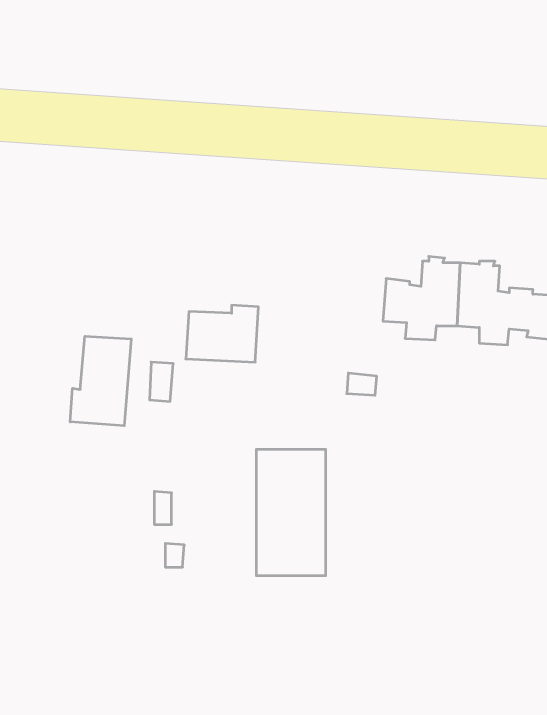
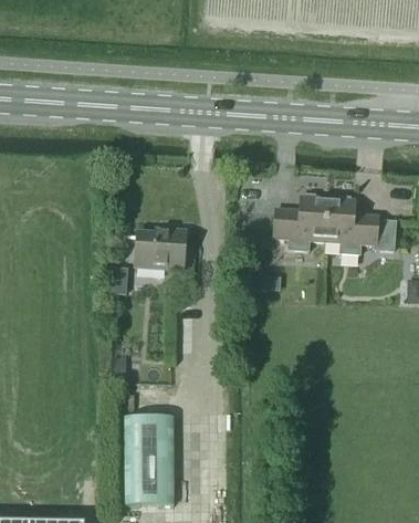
building: [70,336,131,426] -> none
building: [256,449,326,576] -> [125,416,174,504]

